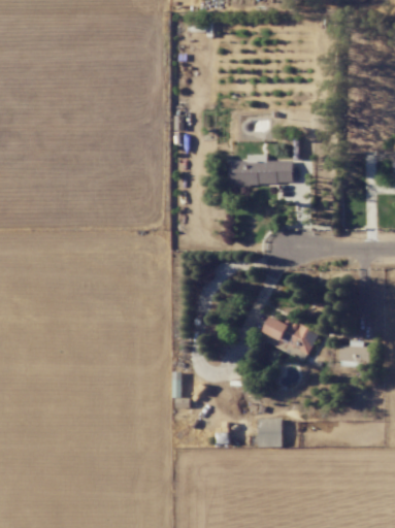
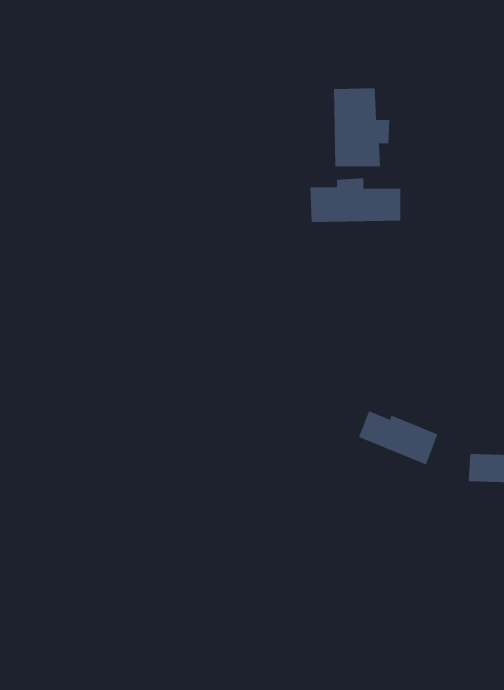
building: none -> [333,87,390,167]
building: [257,418,281,448] -> none

